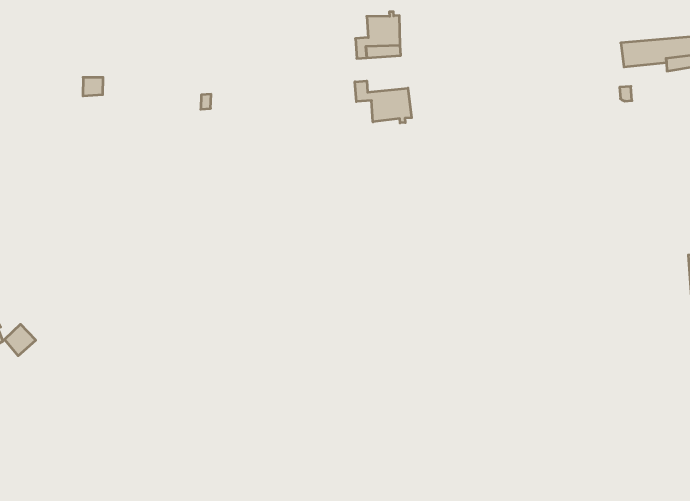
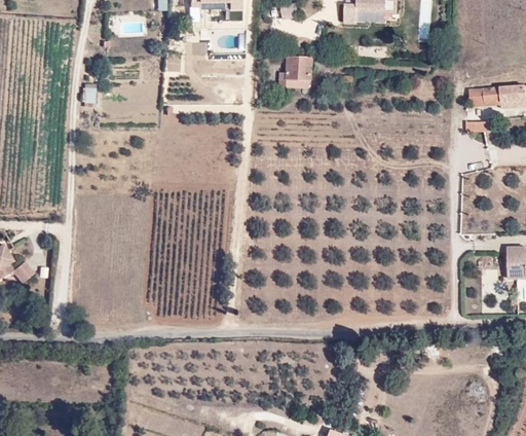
building: [355,81,412,123] -> none

